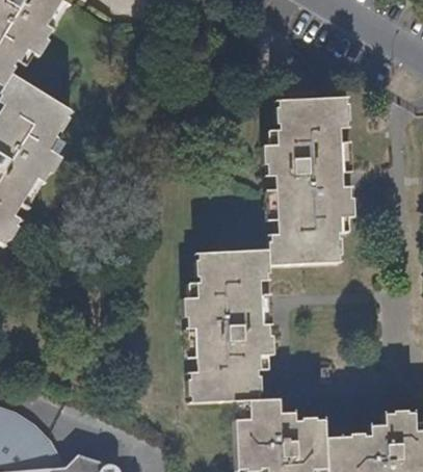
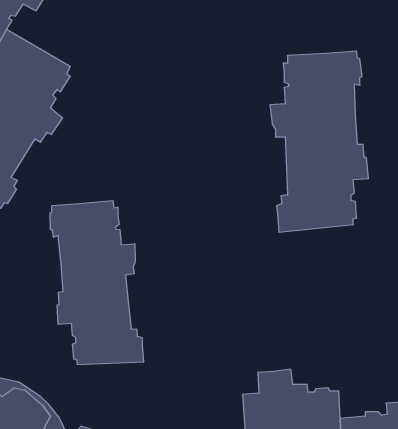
building: none -> [50,201,144,365]
building: [184,250,276,403] -> none

